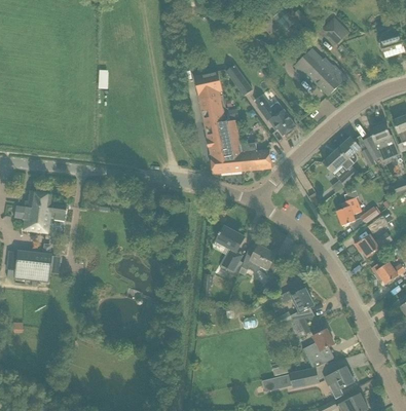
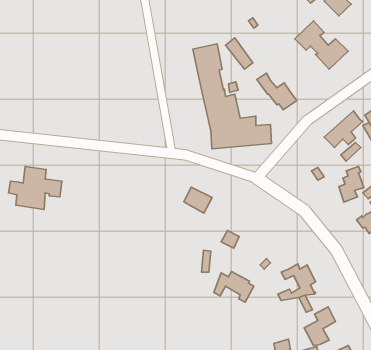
building: [217,226,245,252] -> [184,187,212,213]
building: [242,246,281,275] -> [214,272,254,302]
building: [14,251,50,282] -> none

